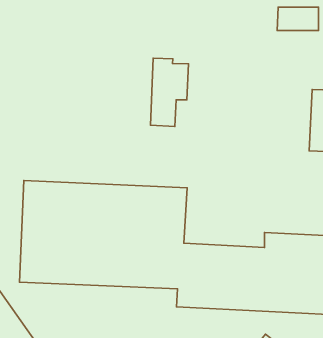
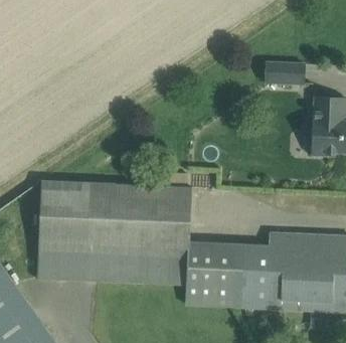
building: [277,7,318,30] -> [264,62,303,84]
building: [151,58,189,126] -> none

